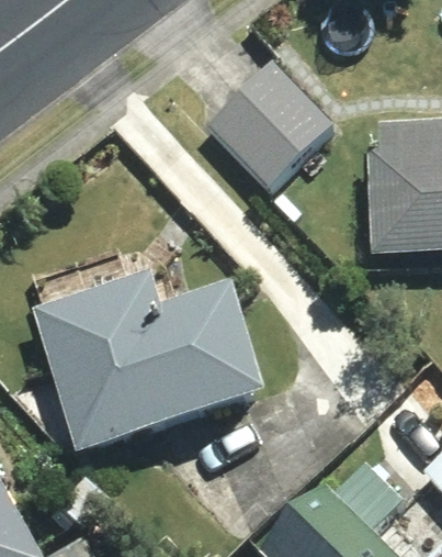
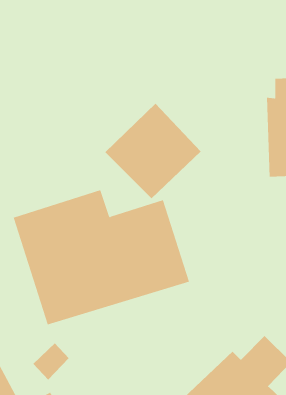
building: [203,57,332,186] -> [104,103,202,199]

